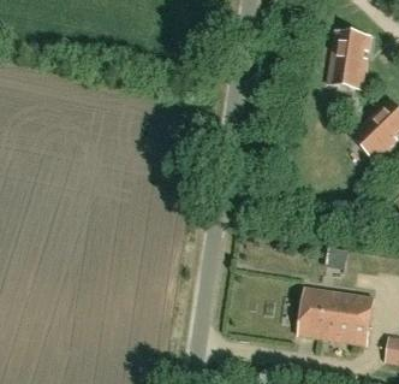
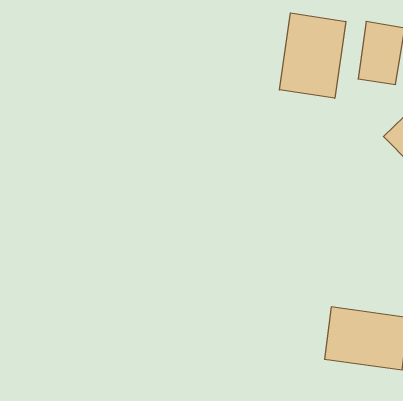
building: none -> [279,13,346,98]

